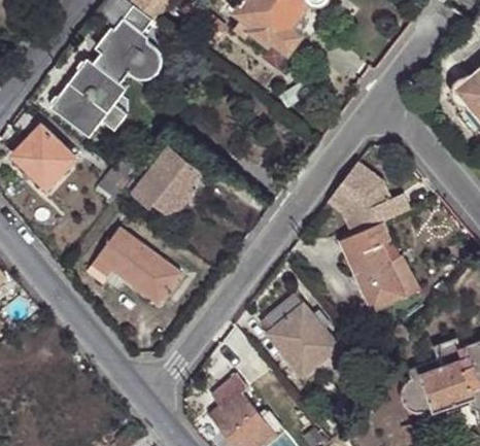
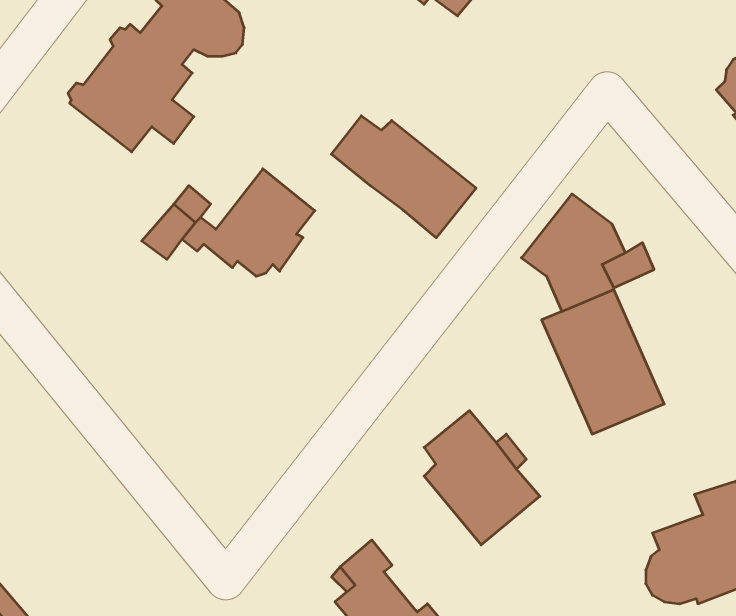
building: none -> [331,116,476,238]
building: [13,127,74,188] -> none
building: [85,229,180,304] -> none

